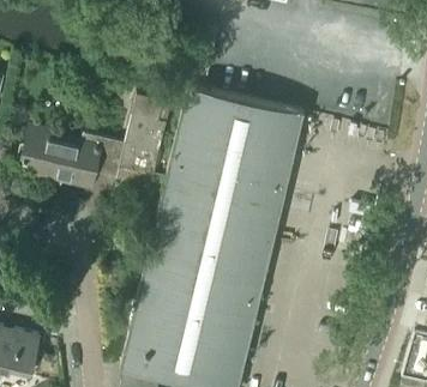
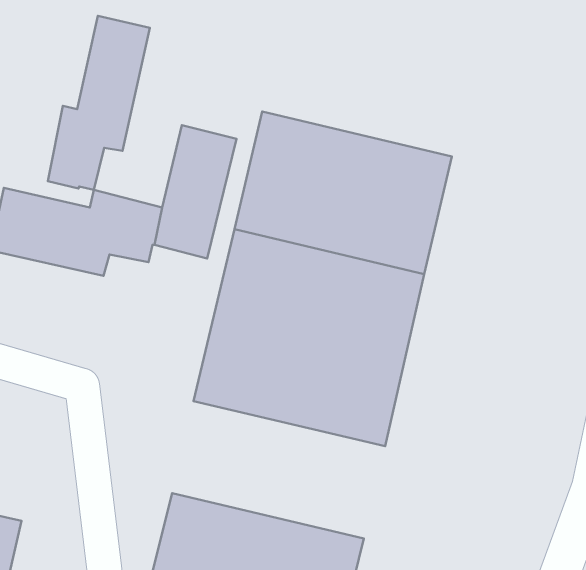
building: none -> [48,16,150,190]
building: [131,262,261,346] -> none

